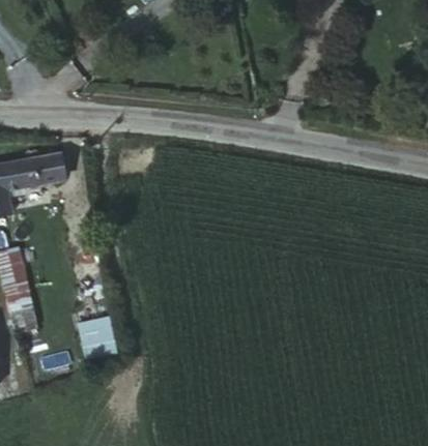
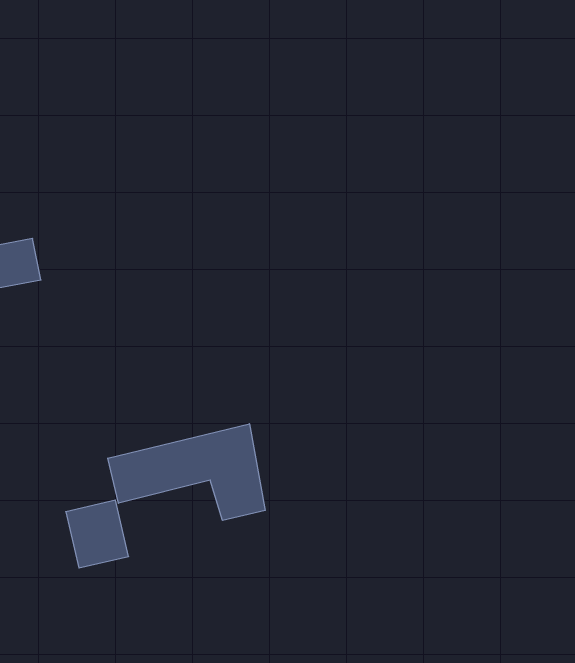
building: none -> [108,424,265,520]

